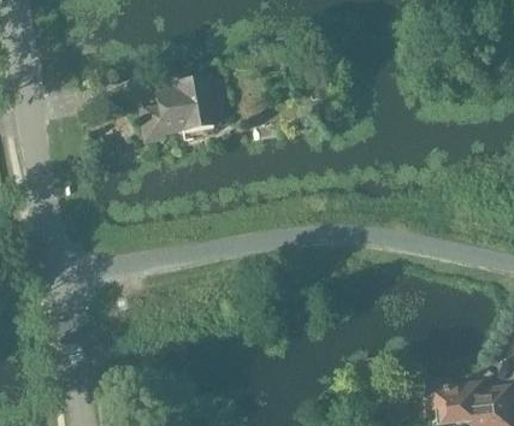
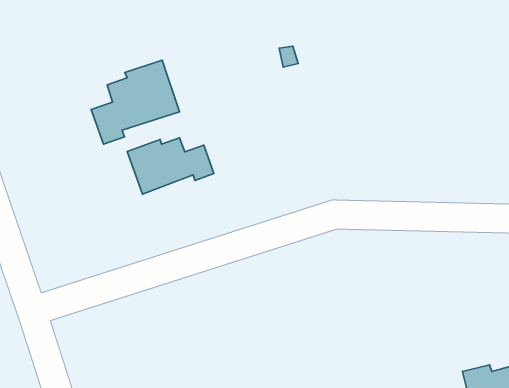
building: none -> [127,138,214,194]

